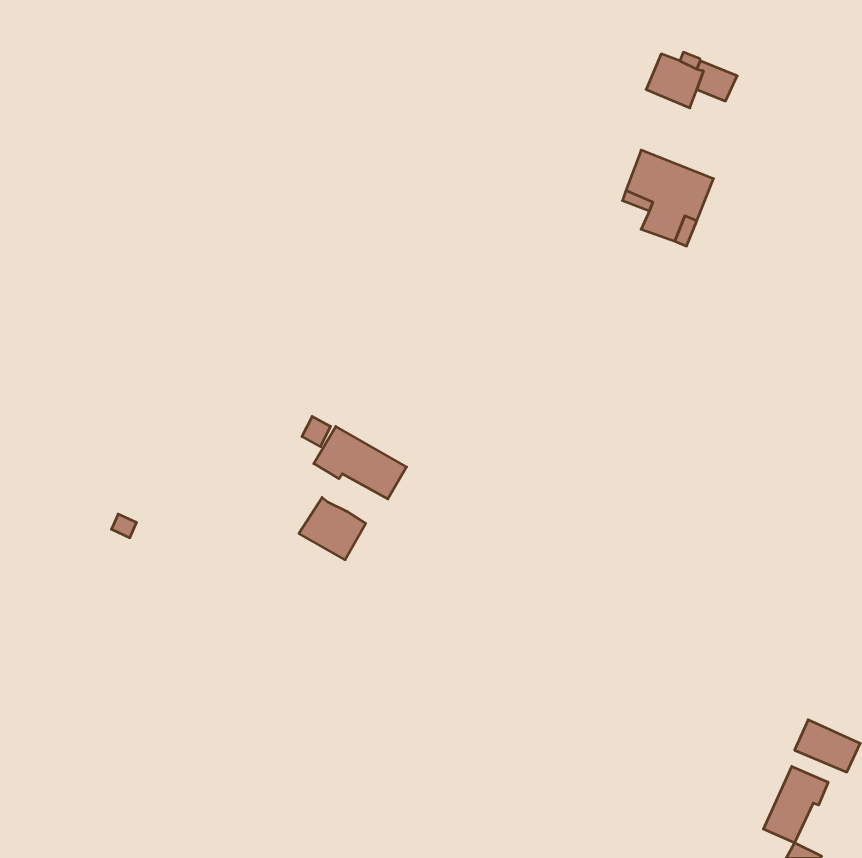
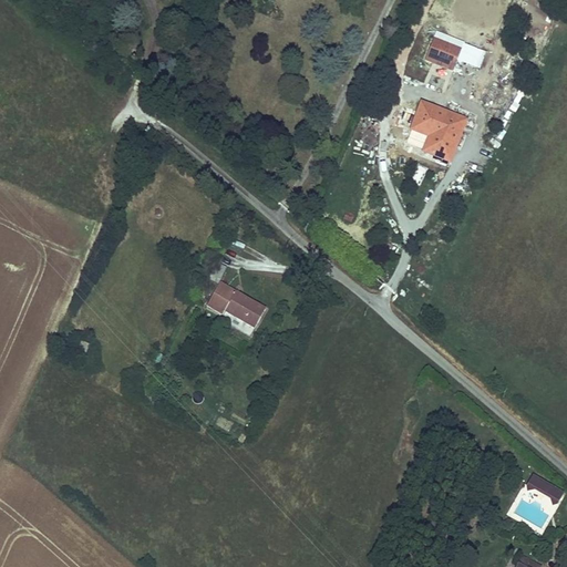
building: [299,497,366,560] -> none
building: [763,766,828,843] -> none

